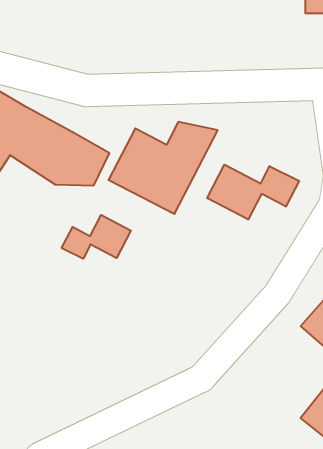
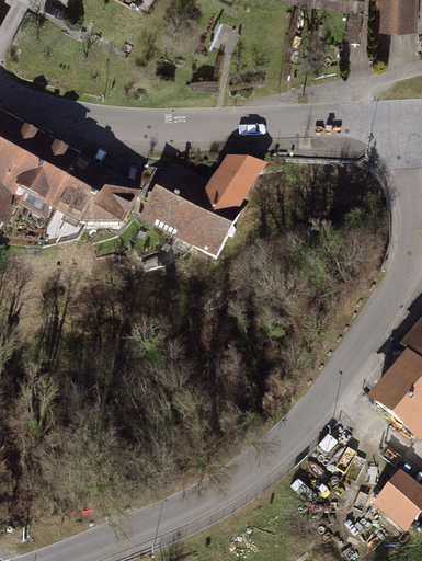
building: [207,165,299,220] -> none
building: [62,215,131,259] -> none

